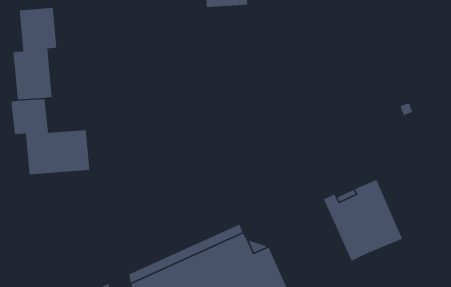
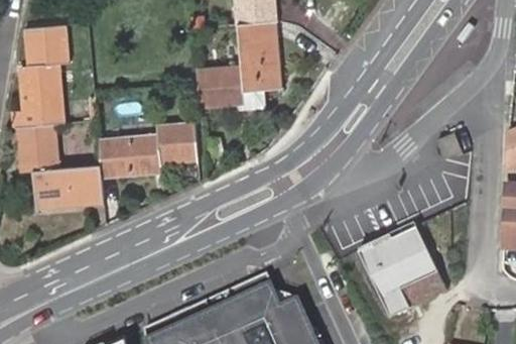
building: none -> [196,28,283,111]
building: none -> [98,128,198,186]

